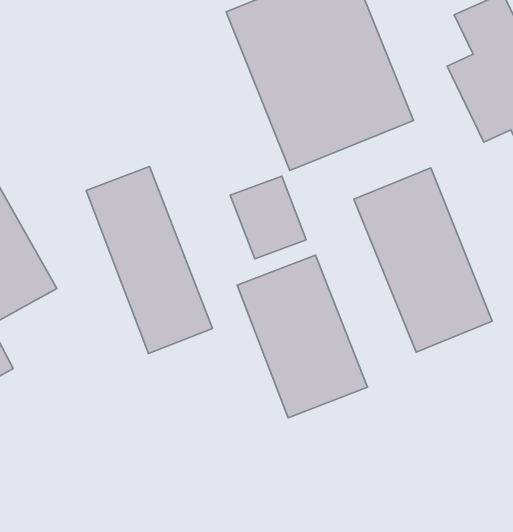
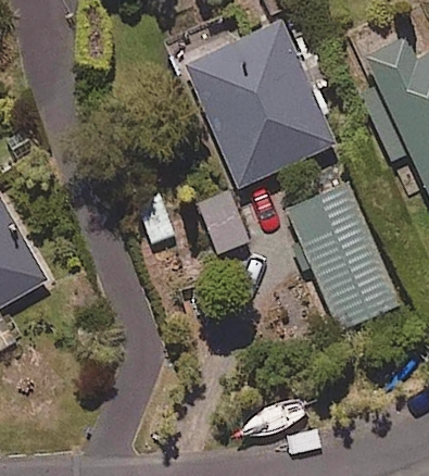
building: [86,167,213,353] -> none
building: [237,255,367,418] -> none

